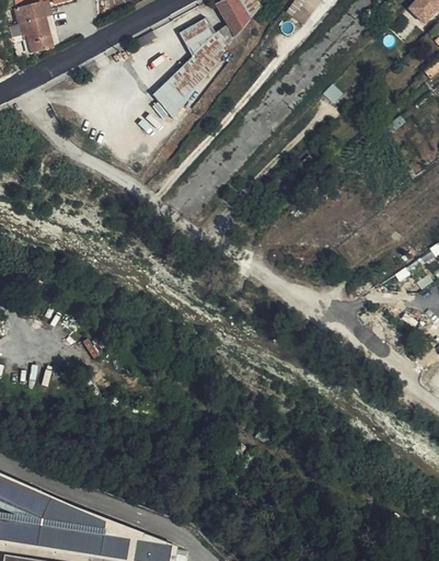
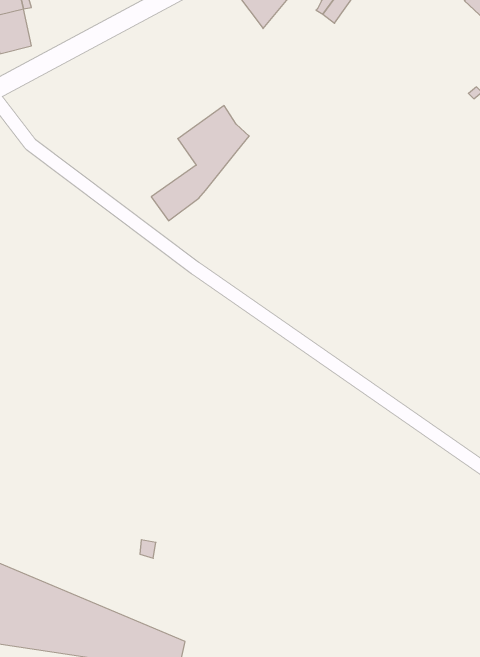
building: [152,18,233,113] -> [151,106,249,221]

